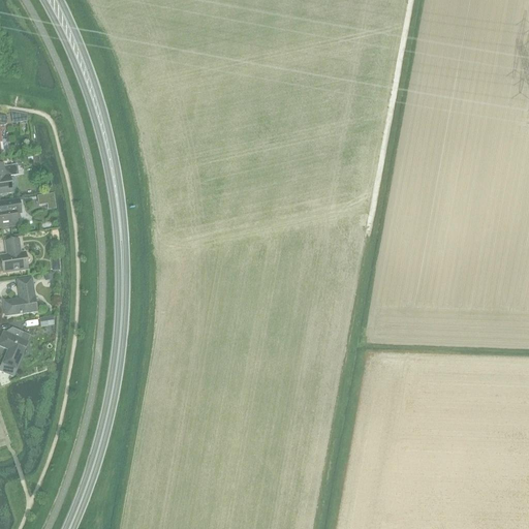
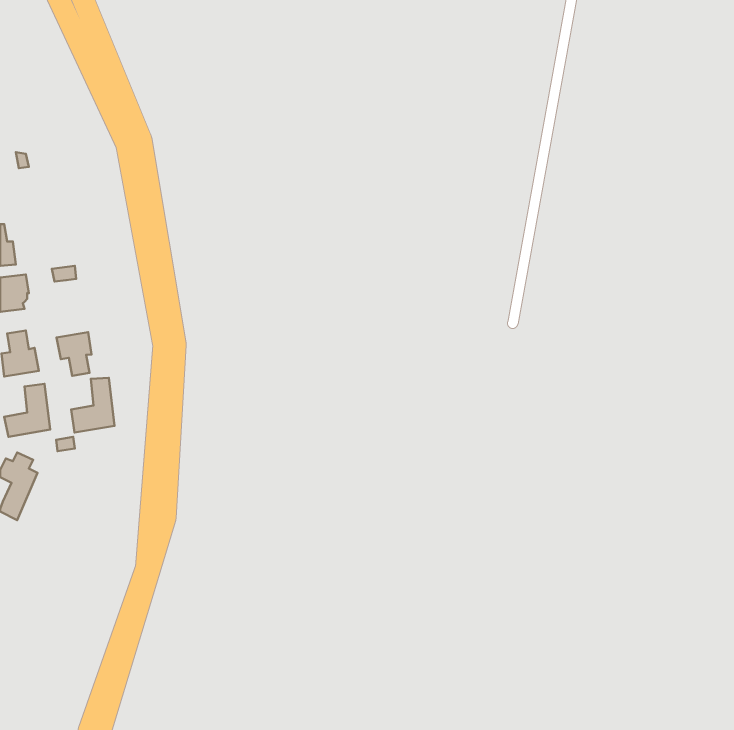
building: none -> [56,332,92,376]
building: none -> [71,378,115,433]

